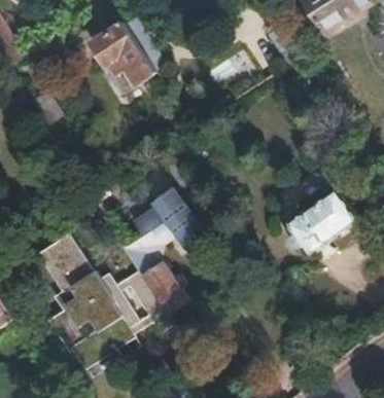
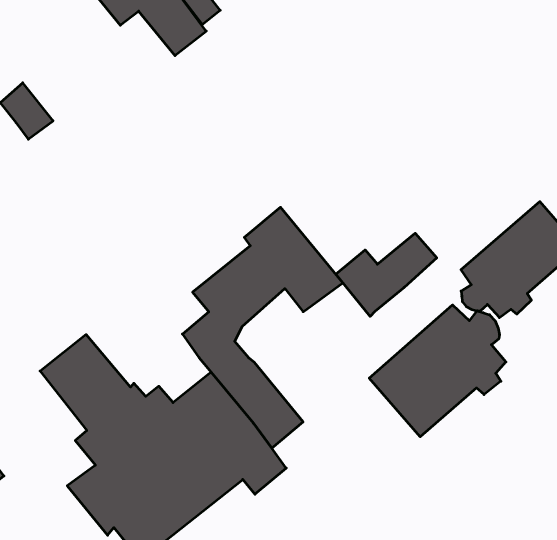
building: none -> [336,233,437,316]
building: none -> [369,305,506,437]

